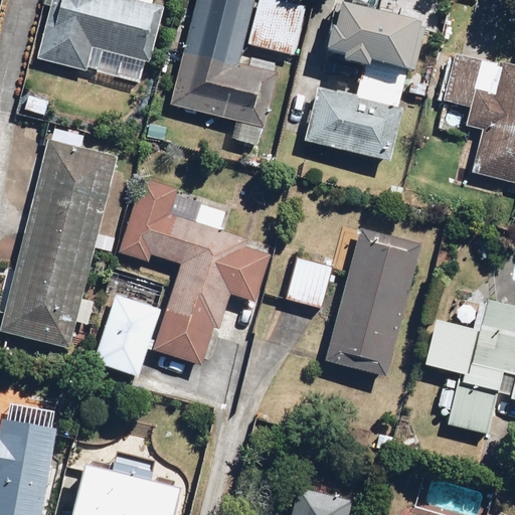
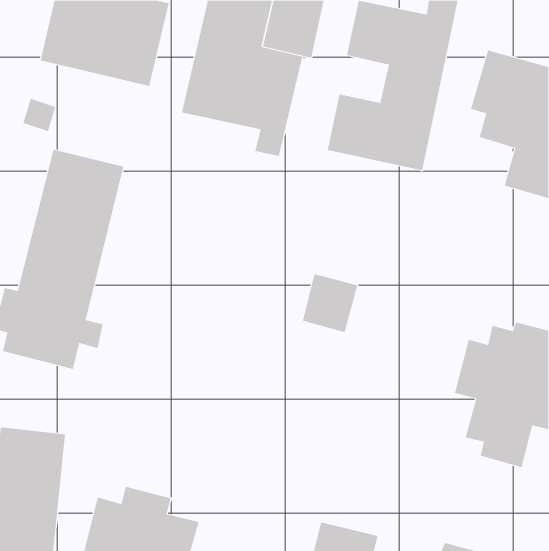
building: [116,180,271,366] -> none
building: [329,235,419,374] -> none
building: [92,292,162,378] -> none

